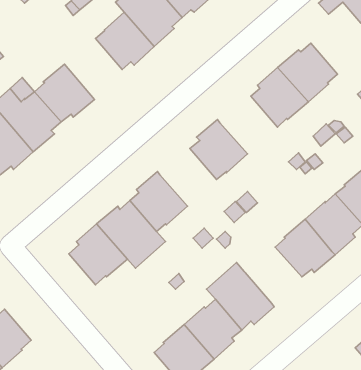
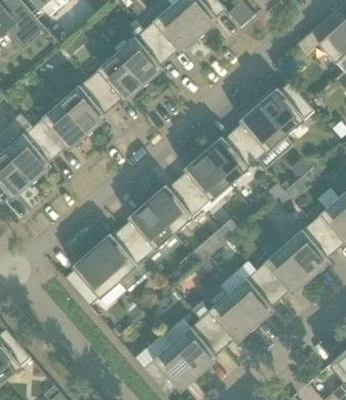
building: none -> [61,77,114,134]
building: none -> [202,131,258,184]
building: none -> [147,179,201,232]
building: none -> [227,270,280,326]

